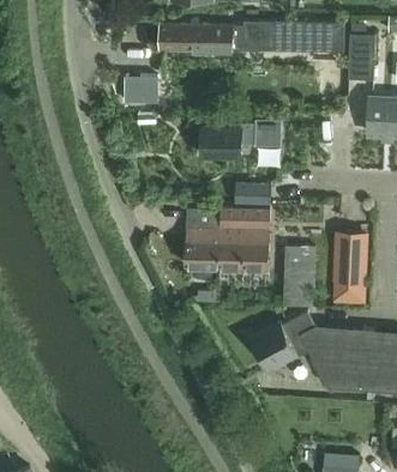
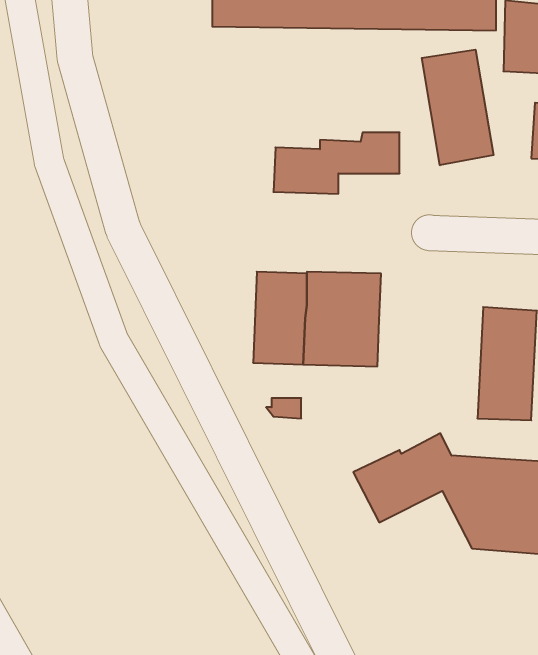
building: none -> [422,50,494,165]
building: [124,75,160,104] -> none
building: [234,182,271,206] -> none
building: [283,247,315,309] -> none

